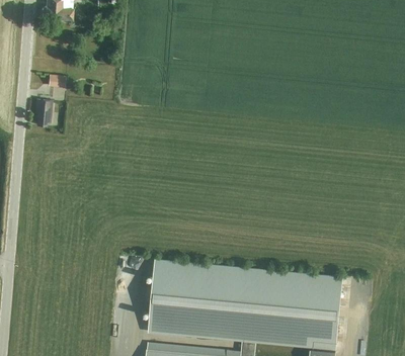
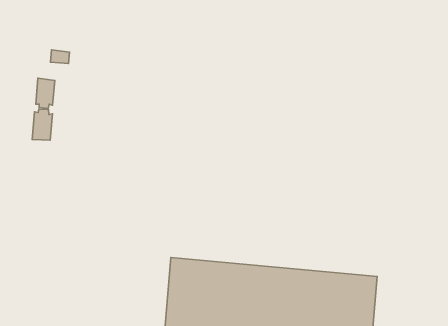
building: none -> [32,109,53,140]

